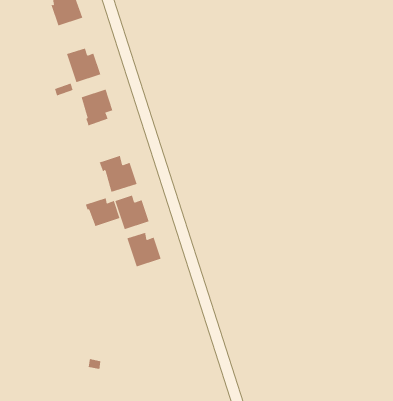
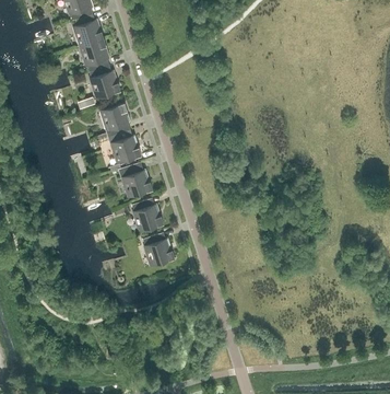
building: none -> [80,38,109,71]
building: none -> [107,130,140,162]
building: [85,197,120,227] -> none

